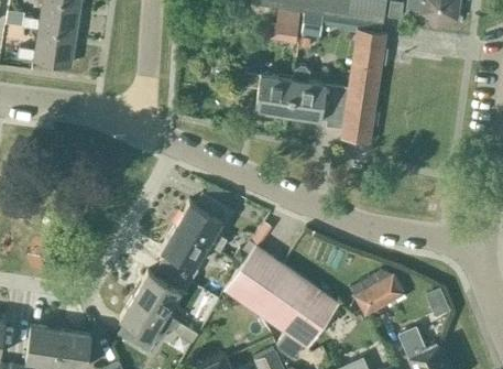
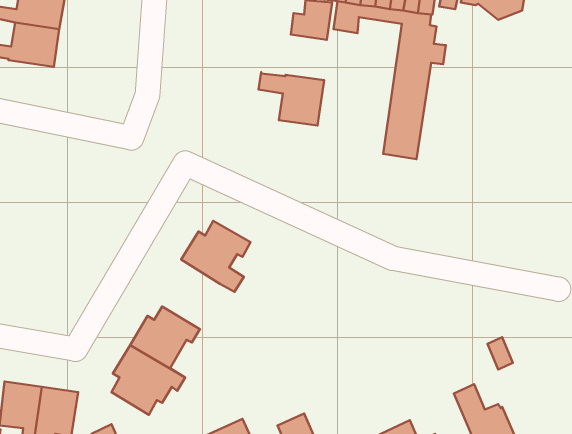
building: [287,77,345,126] -> none
building: [160,225,207,282] -> none
building: [225,245,338,360] -> none
building: [354,275,404,315] -> none

